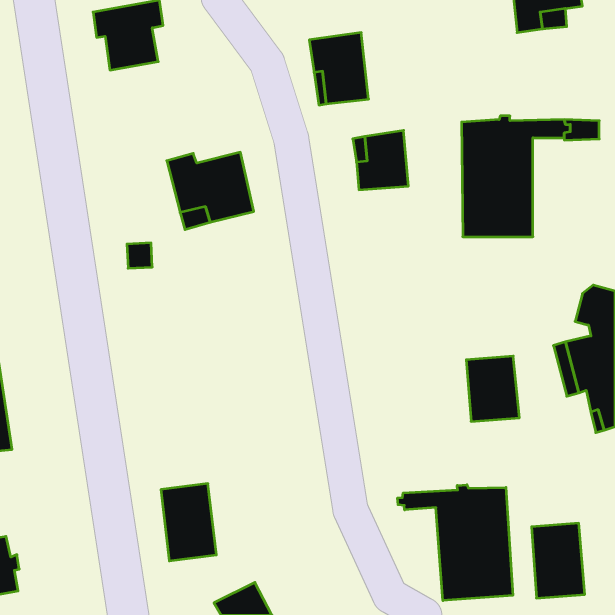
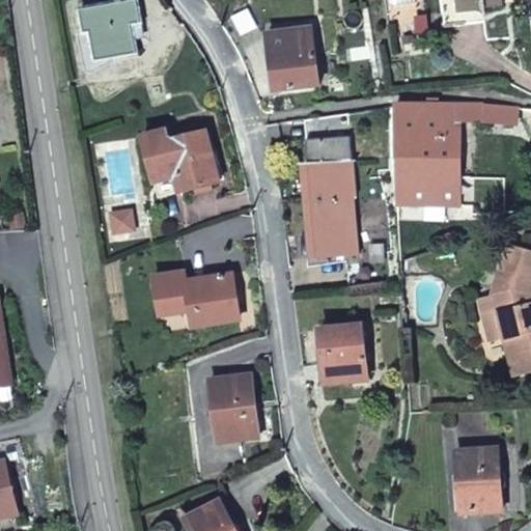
building: none -> [308,160,357,256]
building: none -> [153,271,239,325]
building: [466,356,519,421] -> [320,327,366,383]
building: [161,484,216,561] -> [209,374,257,441]
building: [398,485,513,601] -> none

